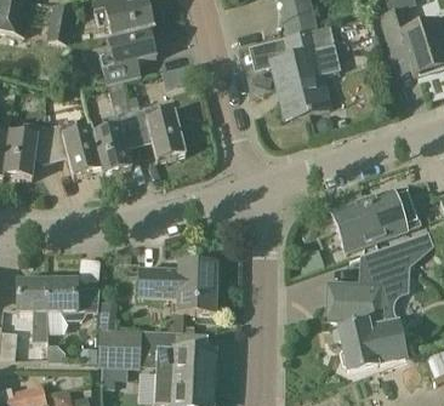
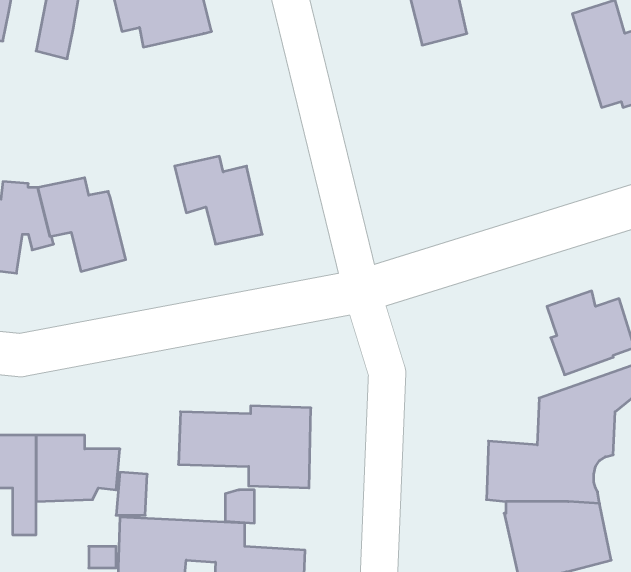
building: [101,29,159,85] -> none
building: [271,29,330,119] -> none
building: [93,111,141,175] -> none
building: [331,199,376,252] -> none

